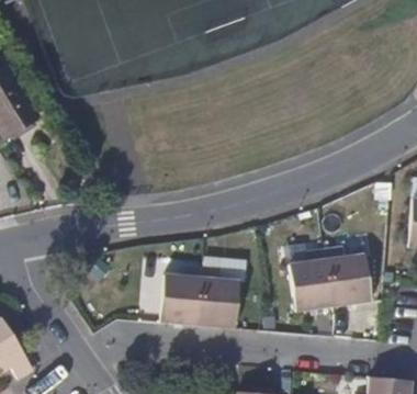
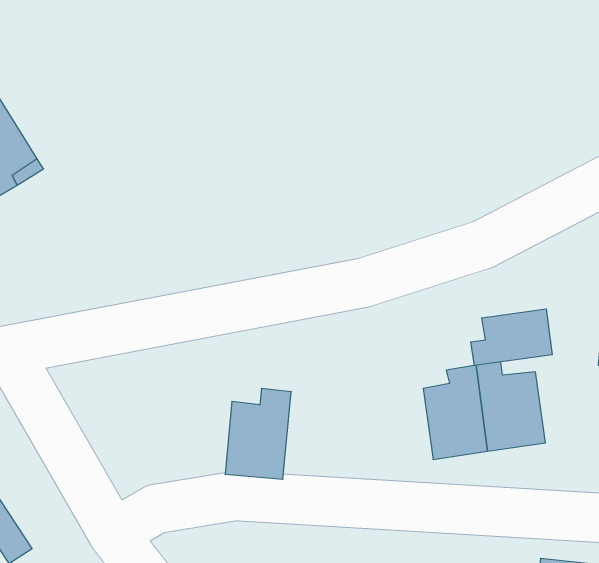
building: none -> [471,309,552,365]
building: [199,266,238,327] -> none

